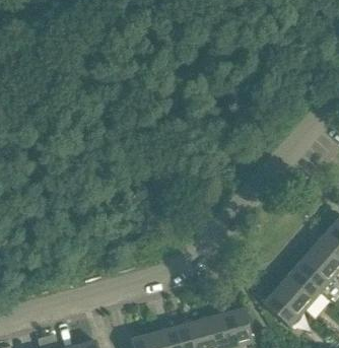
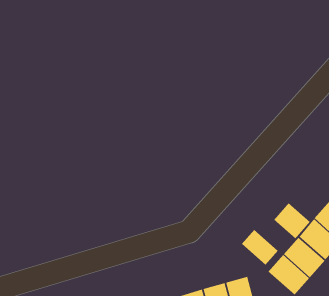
building: none -> [273,202,311,239]
building: none -> [241,229,278,266]

